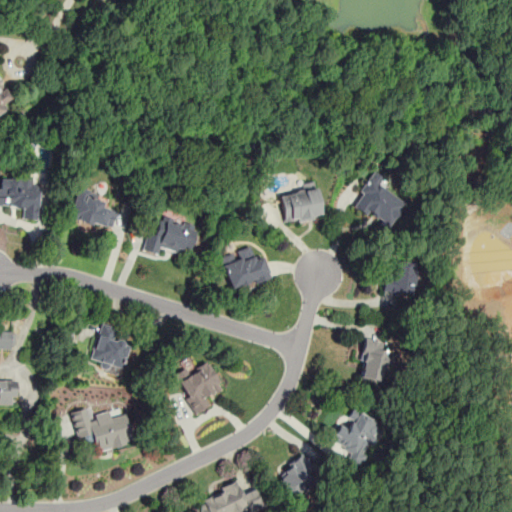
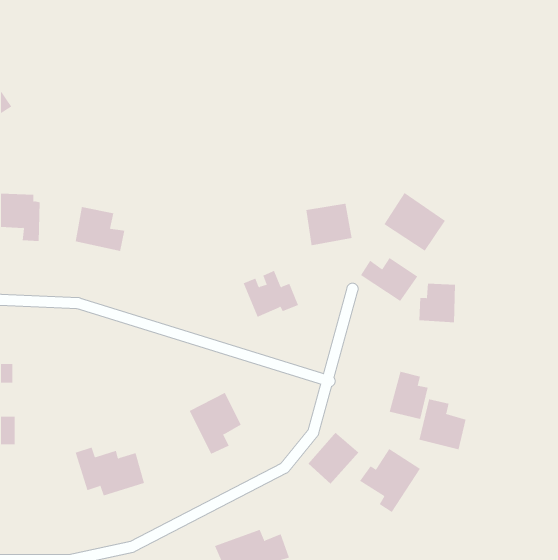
building: [143,217,199,256] -> none
building: none -> [360,257,418,302]
building: [91,322,132,376] -> none
building: none -> [419,399,466,450]
building: [275,453,322,501] -> [308,432,359,484]

